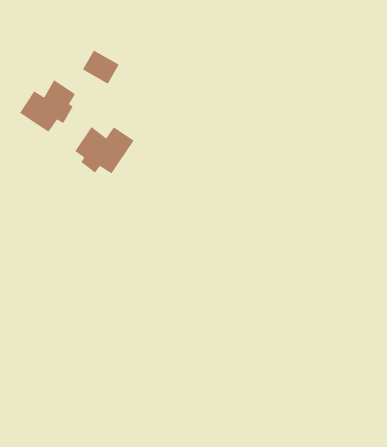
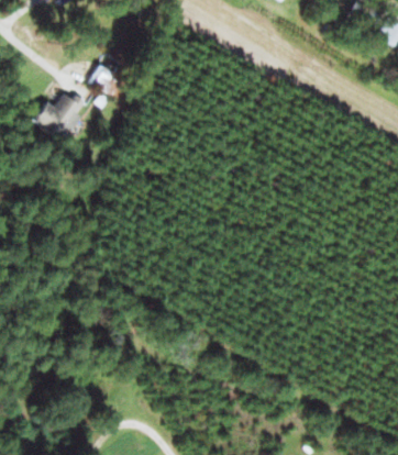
building: [75,126,134,174] -> none

